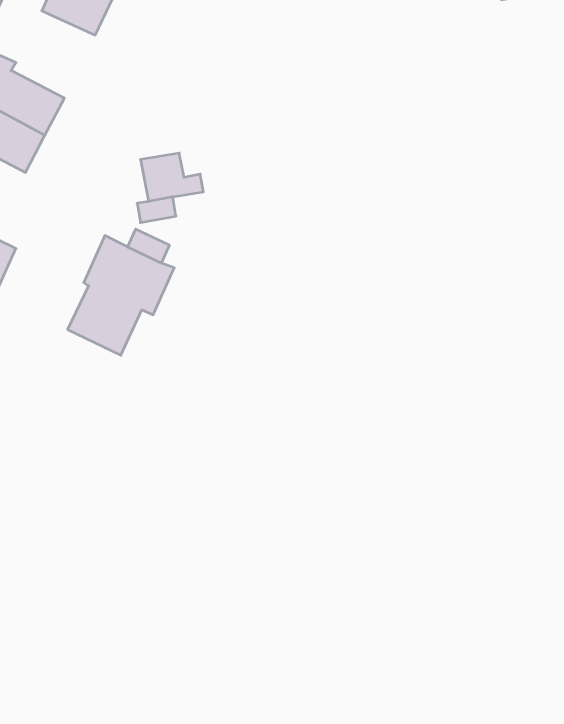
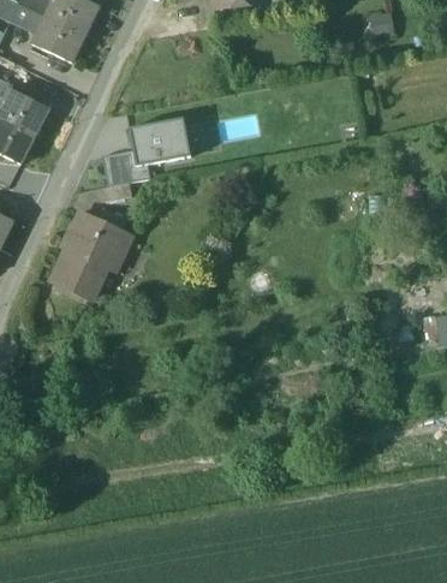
building: none -> [132,120,192,167]

